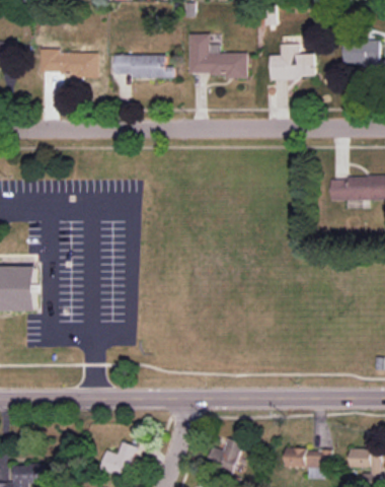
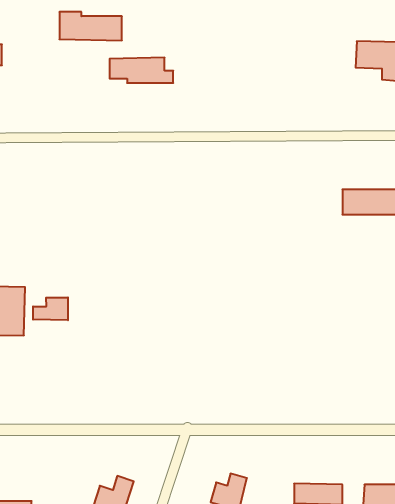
building: [188,33,246,76] -> none
building: [268,44,315,80] -> none
building: [40,49,97,75] -> [59,12,122,40]
building: none -> [33,297,68,320]

